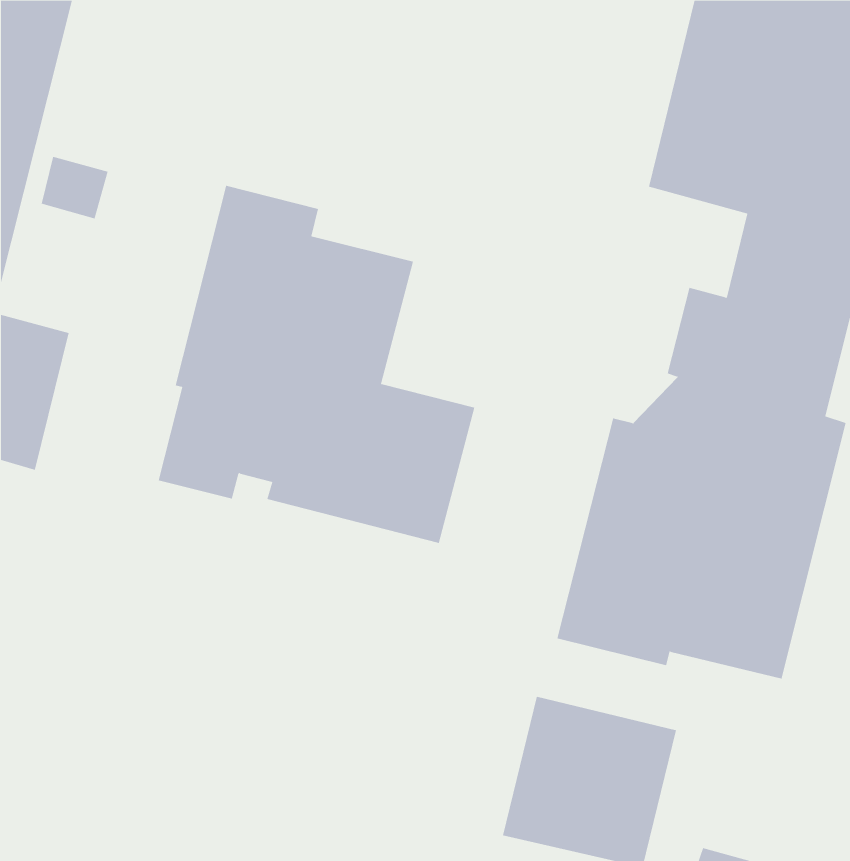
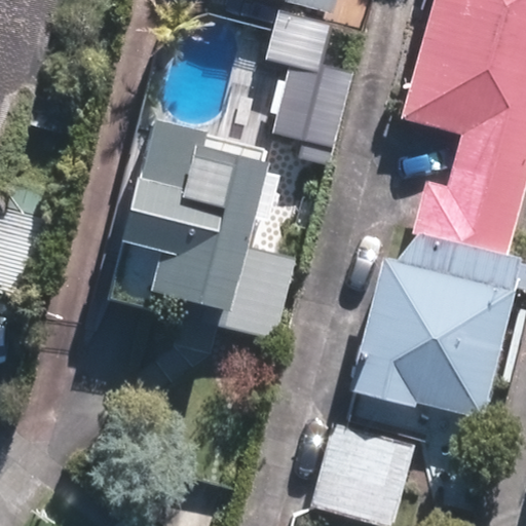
building: none -> [259,11,355,158]

